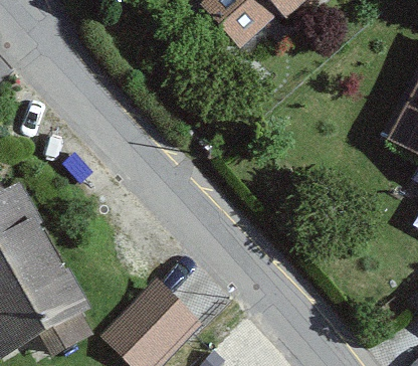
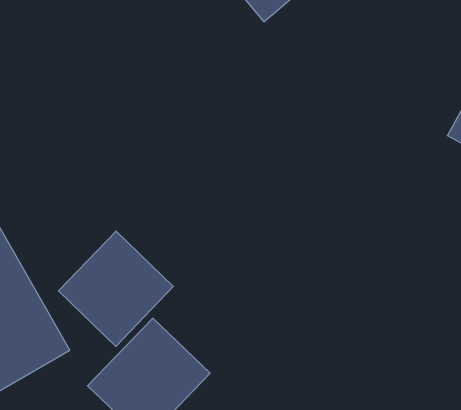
building: none -> [59,231,173,346]

